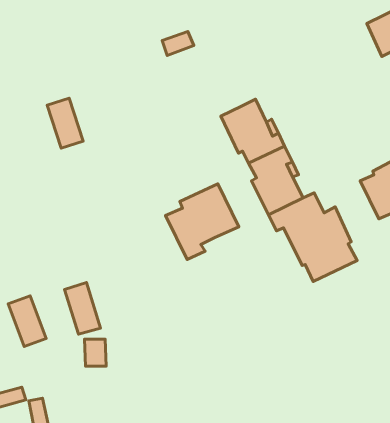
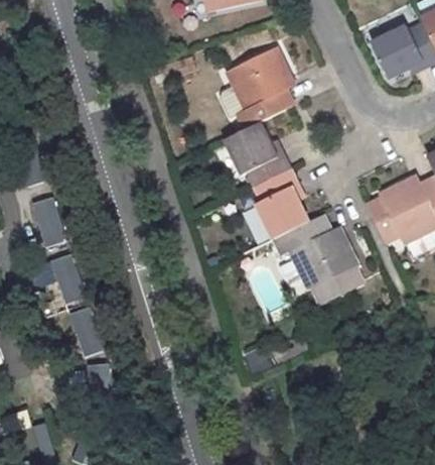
building: none -> [228,45,293,128]
building: [47,98,83,148] -> [29,197,65,247]
building: [165,184,239,259] -> none
building: [8,296,46,347] -> [47,254,86,306]

